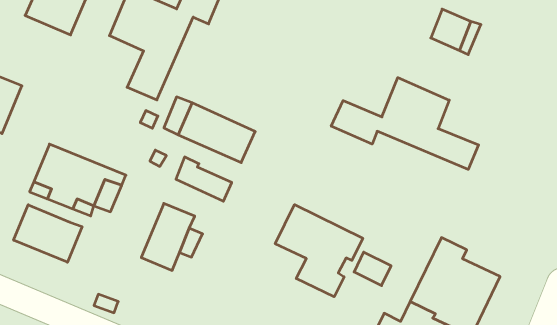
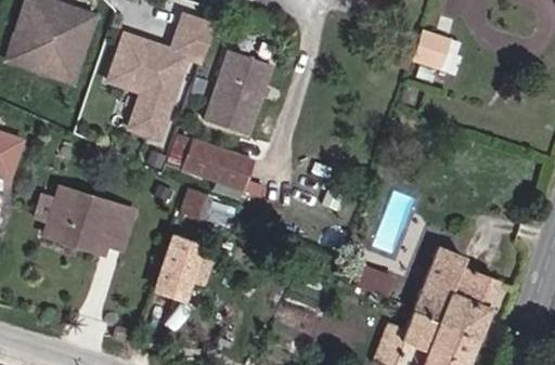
building: none -> [205,50,272,134]
building: [331,78,479,169] -> none
building: [275,205,363,297] -> none
building: [14,205,82,262] -> none

